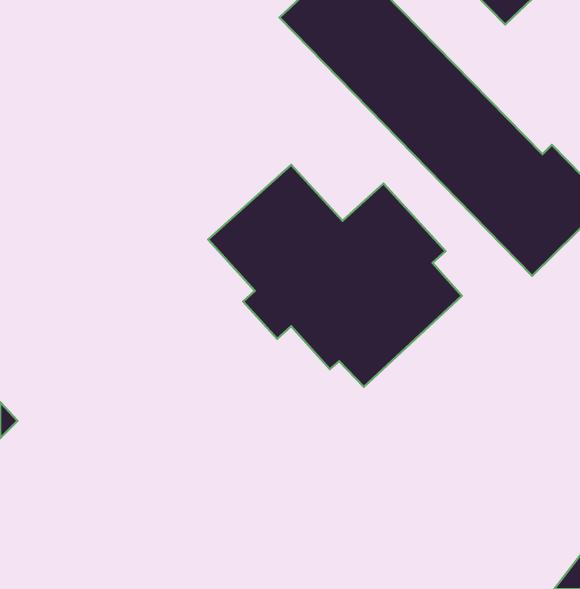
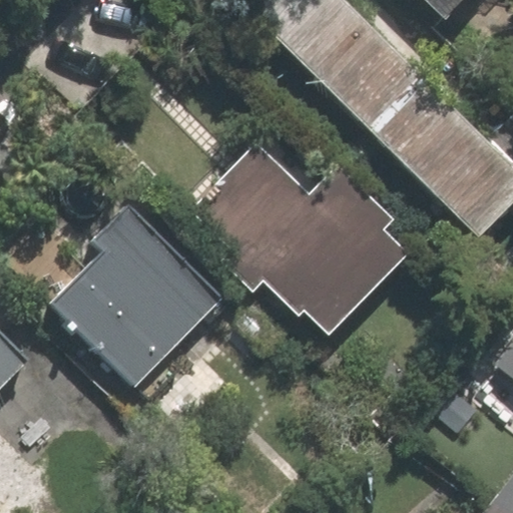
building: none -> [52,200,223,390]

